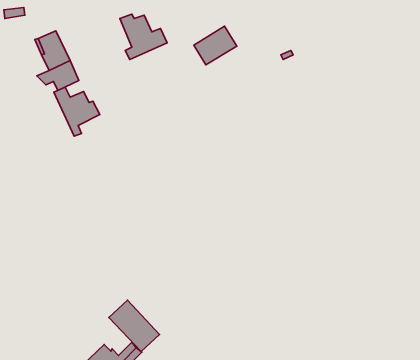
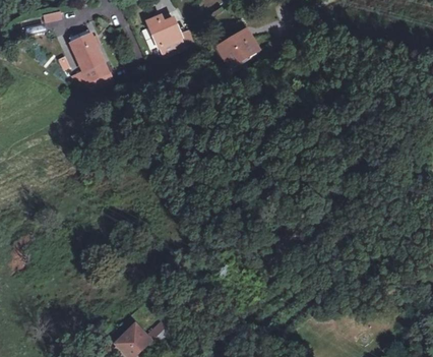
building: [54,87,100,136] -> none
building: [109,300,159,352] -> none

